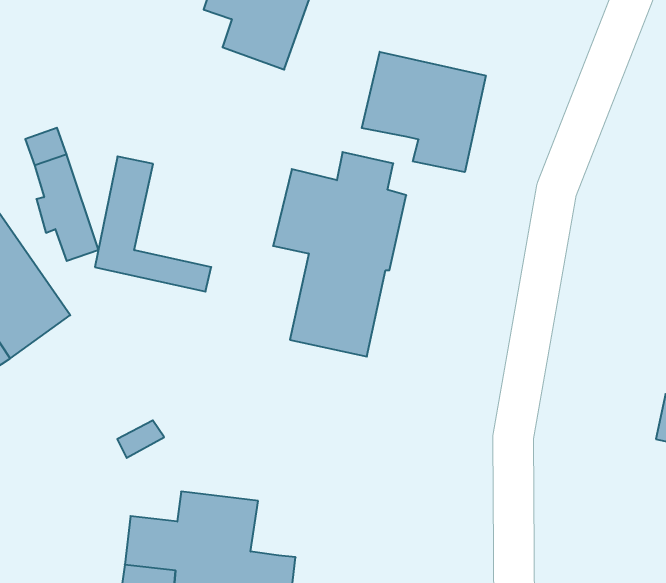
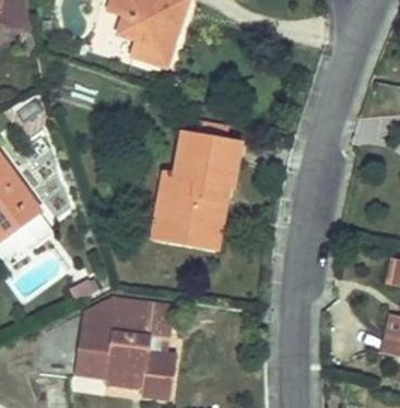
building: [362,52,486,172] -> none
building: [95,156,211,292] -> [149,171,216,250]
building: none -> [79,292,172,351]

